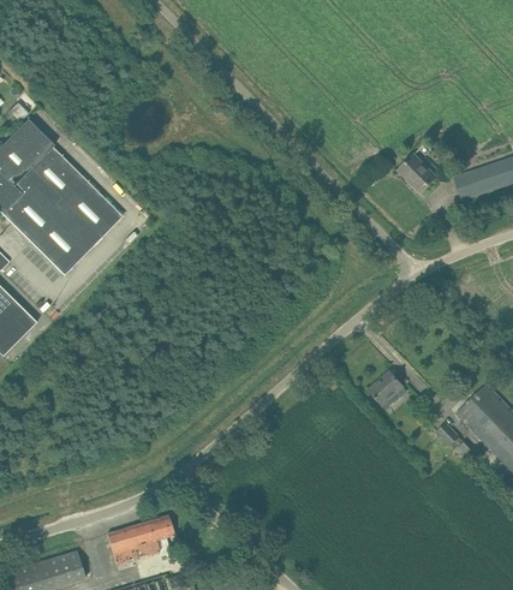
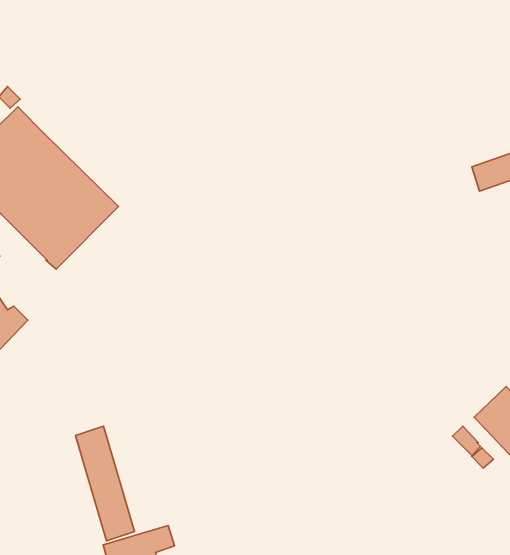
building: [398,154,436,191] -> none
building: [368,370,404,409] -> none
building: none -> [76,426,135,541]

